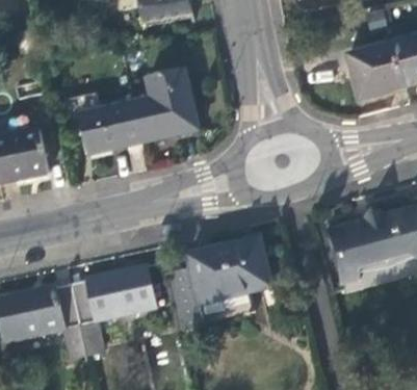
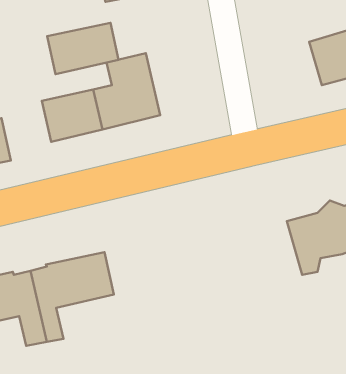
building: none -> [47,23,118,74]
building: [164,242,269,333] -> none

